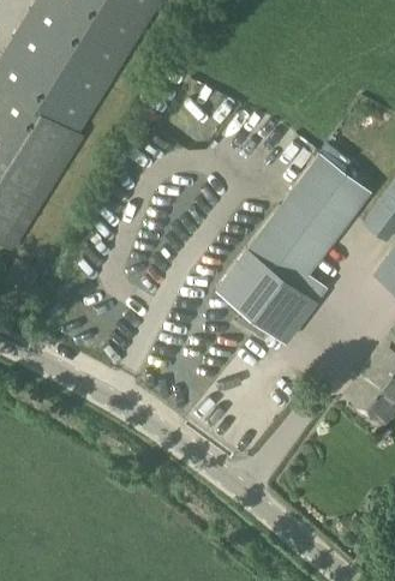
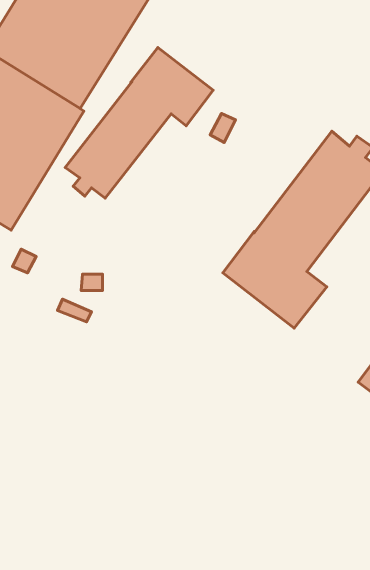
building: none -> [65,48,213,198]

